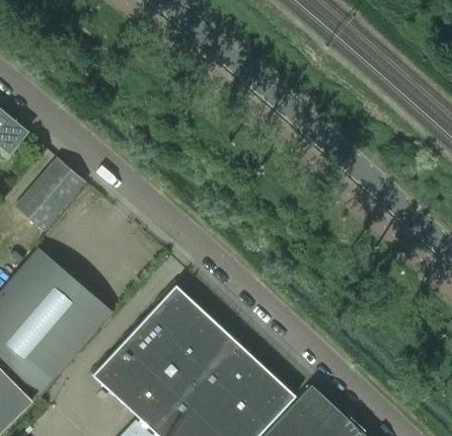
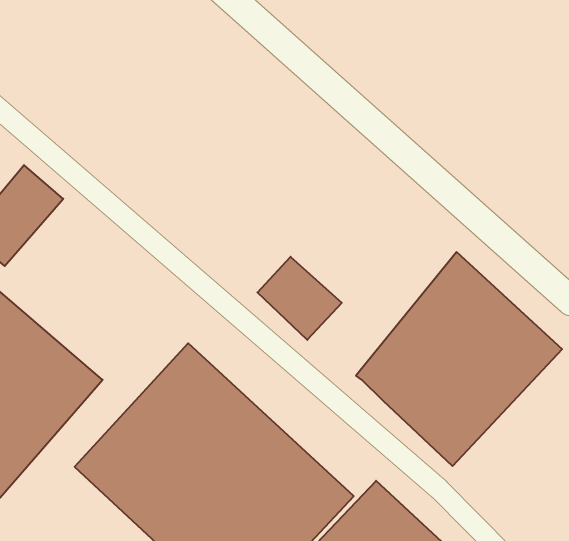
building: none -> [356,252,562,466]
building: none -> [257,257,342,340]

